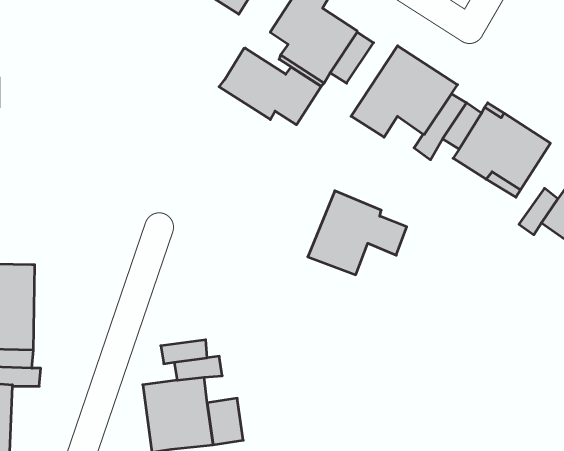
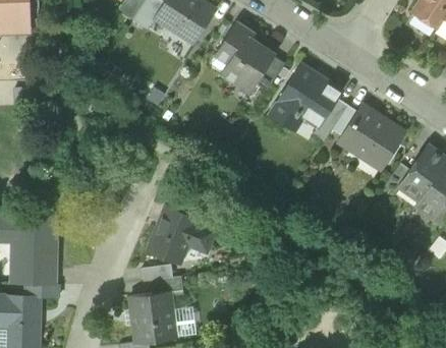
building: [219,48,321,125] -> none
building: [308,191,407,275] -> [148,207,215,264]

